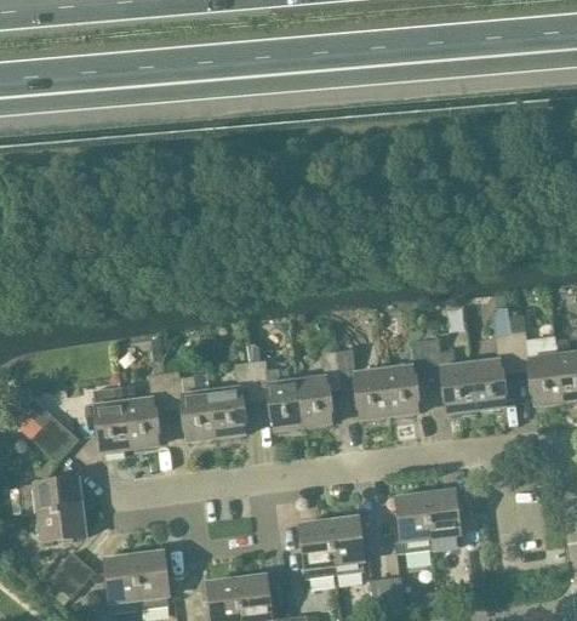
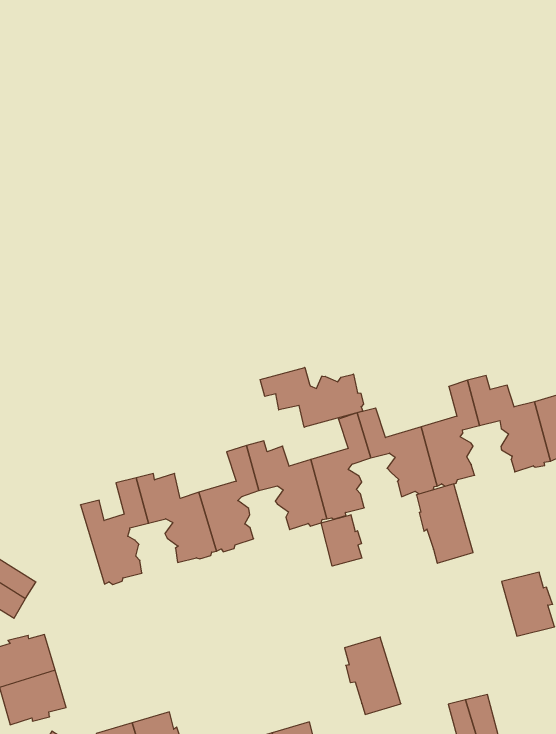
building: none -> [260,367,363,427]
building: [93,386,130,451] -> none
building: none -> [321,515,362,566]
building: [396,494,432,551] -> [416,484,473,563]
building: [329,517,364,564] -> none

